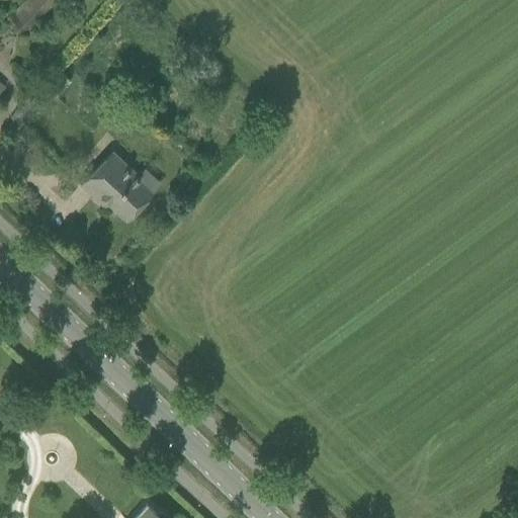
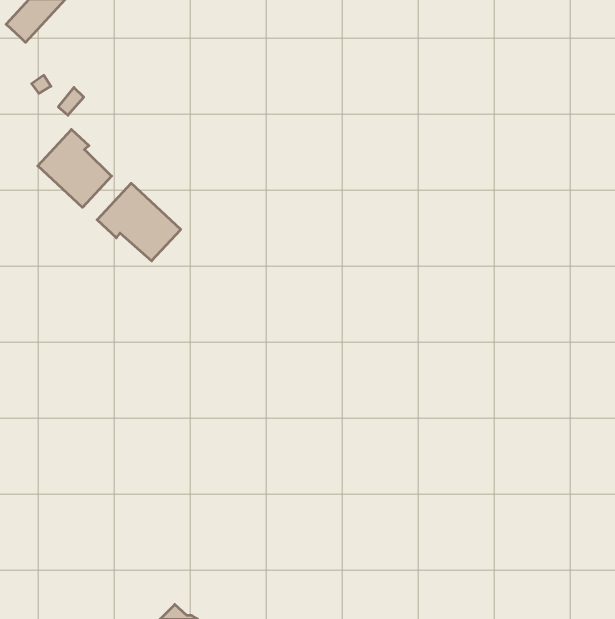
building: none -> [38,129,112,207]

